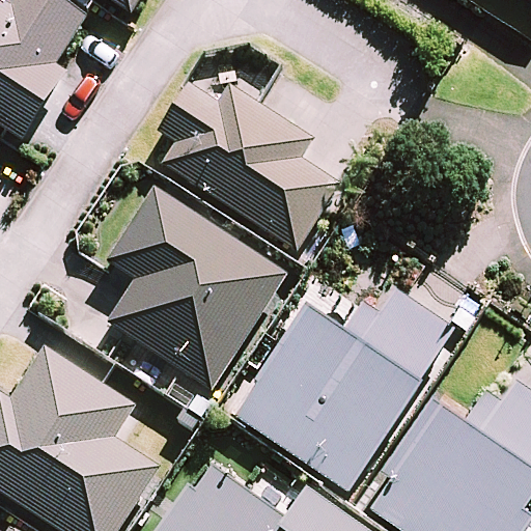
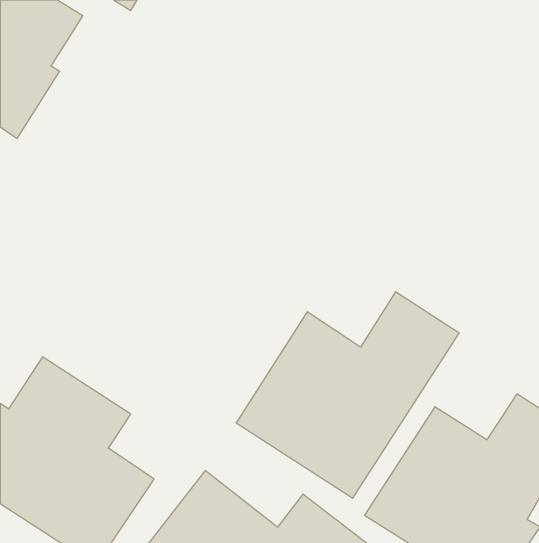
building: [161,85,340,256] -> none
building: [109,188,287,392] -> none

